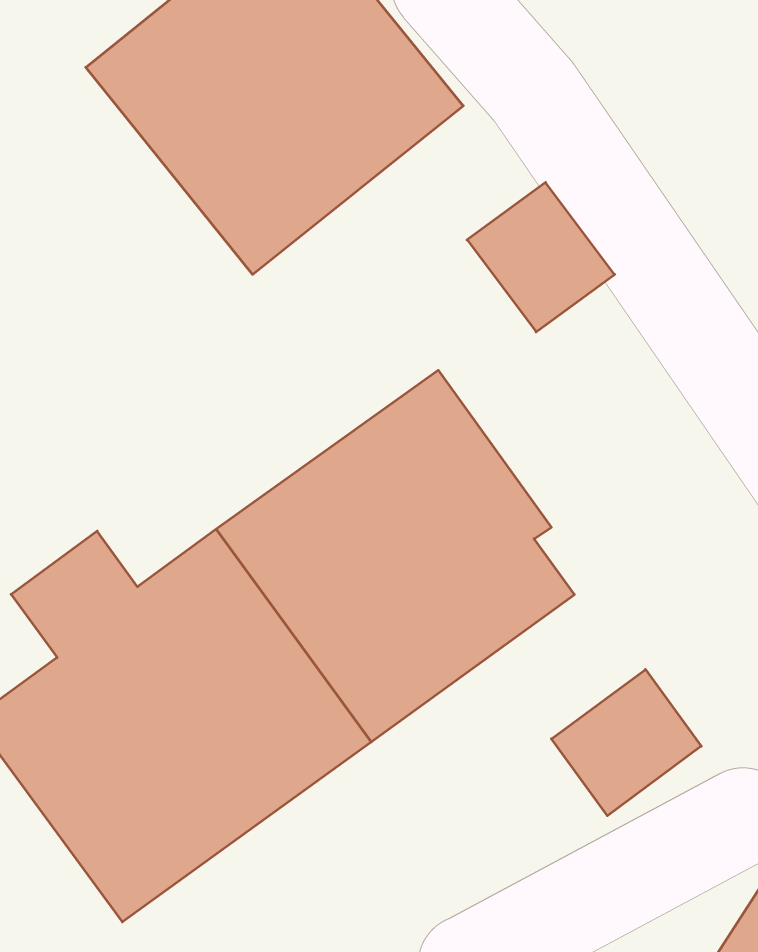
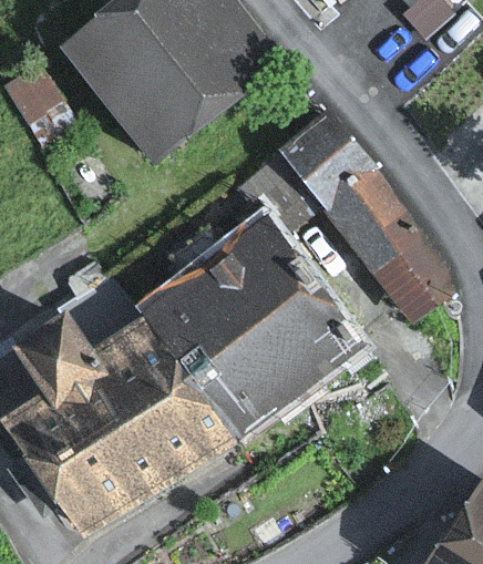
building: none -> [323,167,441,314]
building: [551,669,701,816] -> none

